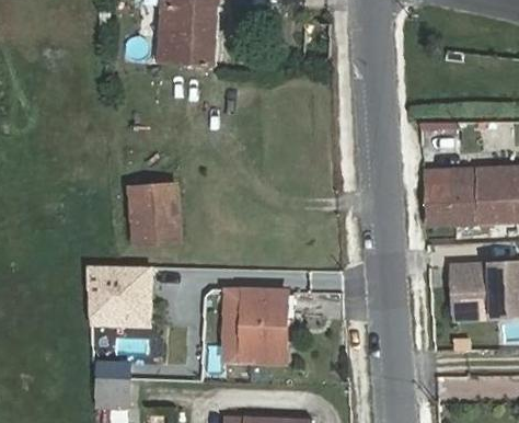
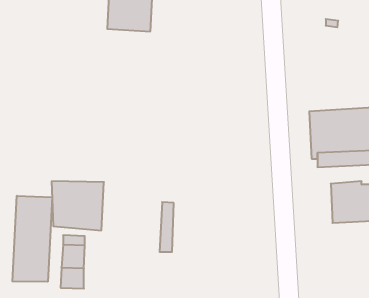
building: [129,182,181,241] -> none
building: none -> [12,196,52,282]
building: [243,290,282,357] -> none

